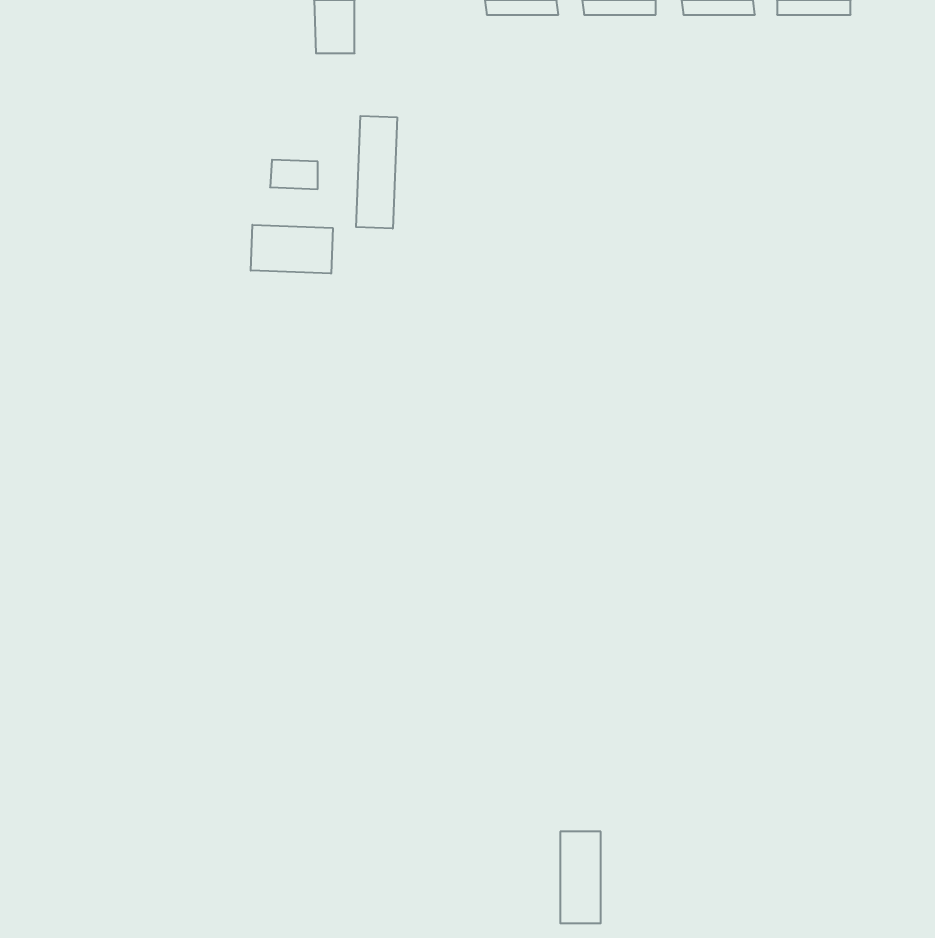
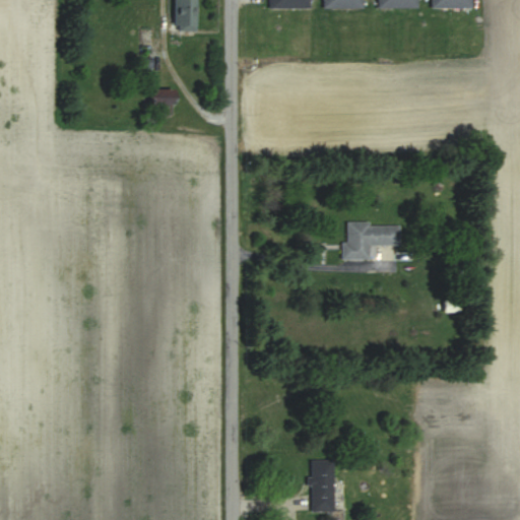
building: [356,116,397,229] -> none
building: [251,225,333,274] -> none
building: none -> [343,221,401,259]

